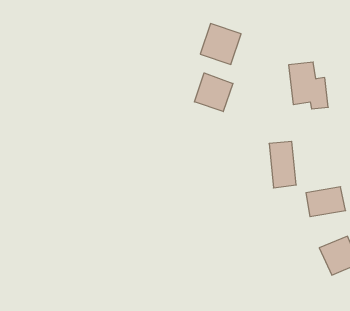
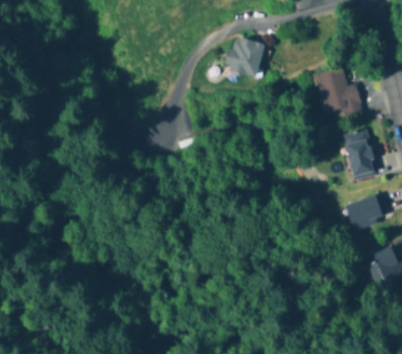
building: [194,73,233,112] -> none
building: [269,141,296,188] -> [344,130,376,180]

